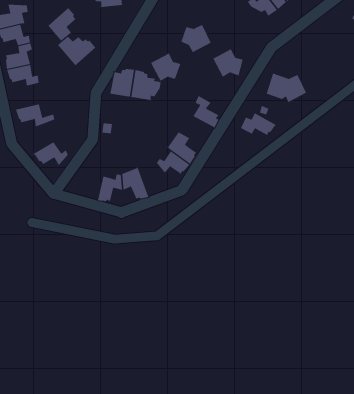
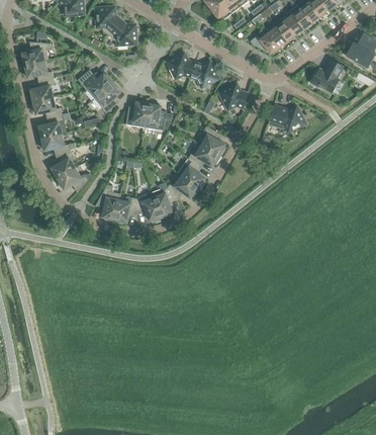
building: [47,7,76,41] -> [94,82,120,113]
building: none -> [310,59,344,93]
building: [150,53,181,82] -> [167,53,195,79]
building: none -> [38,114,67,139]
building: [240,112,277,136] -> [188,145,221,166]
building: none -> [52,150,76,179]
building: none -> [152,182,176,219]
building: none -> [97,185,120,222]

